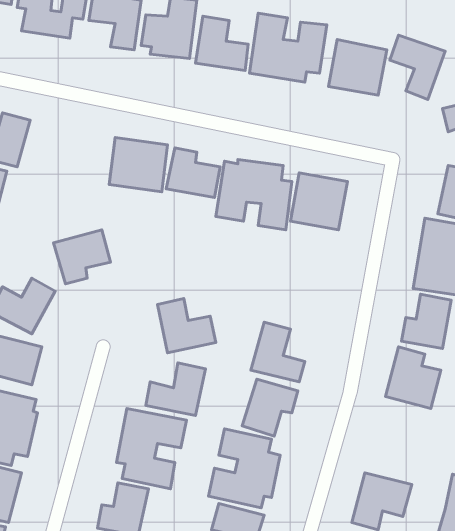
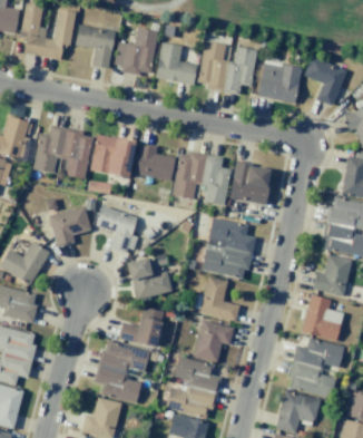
building: none -> [35,125,92,178]
building: none -> [97,206,138,252]
building: none -> [203,217,256,278]
building: none -> [287,338,345,398]

